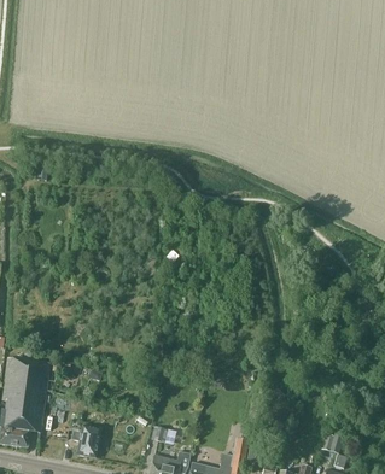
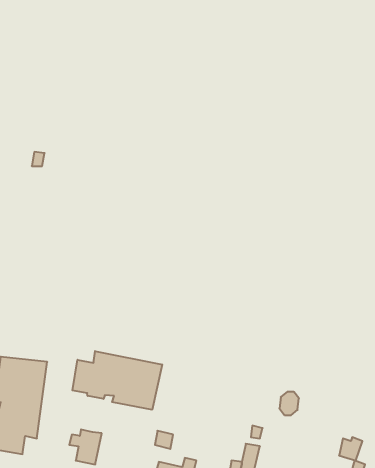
building: none -> [72,351,162,410]

